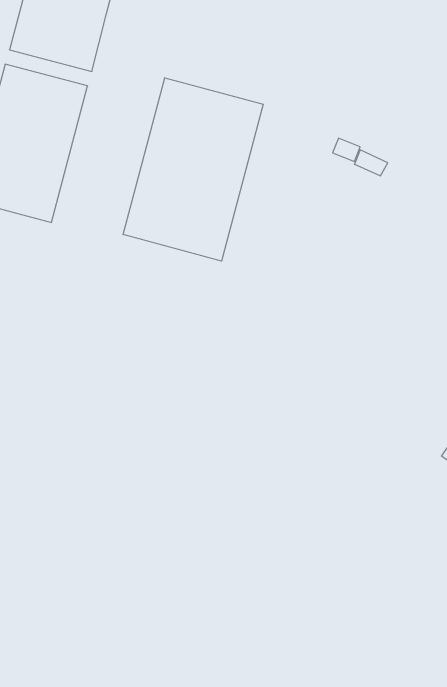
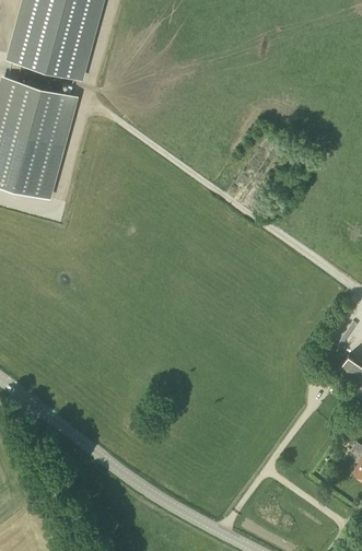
building: [123,78,263,261] -> none

